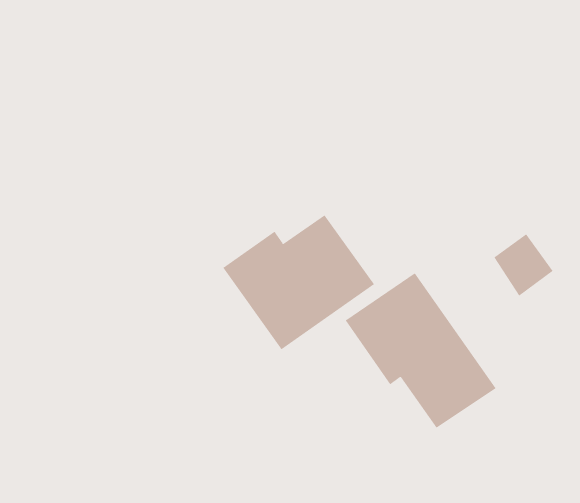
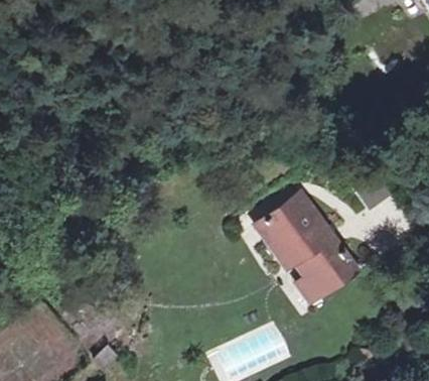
building: [222,215,375,350] -> none

